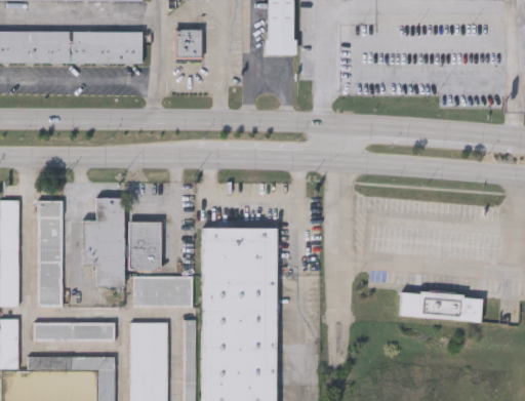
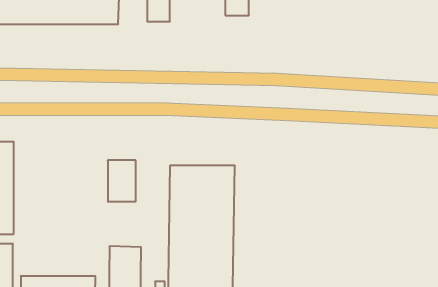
building: [83,198,124,287] -> none
building: [38,200,64,307] -> none
building: [133,276,193,308] -> none
building: [400,289,483,322] -> none
building: [34,323,115,340] -> none

